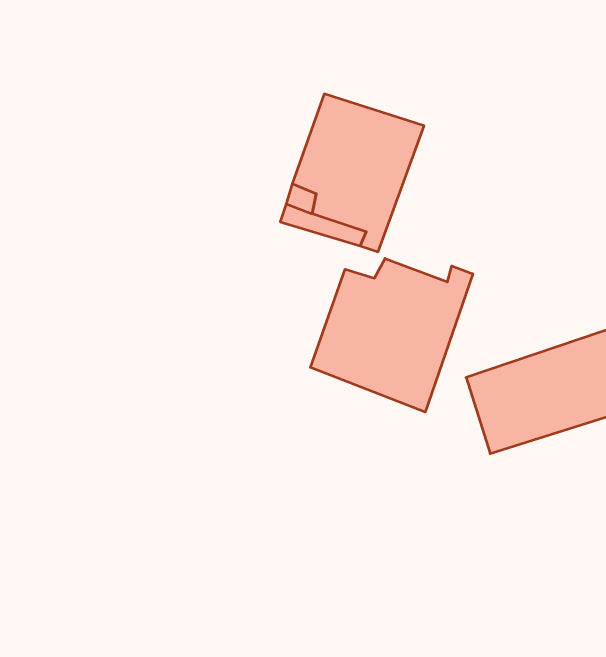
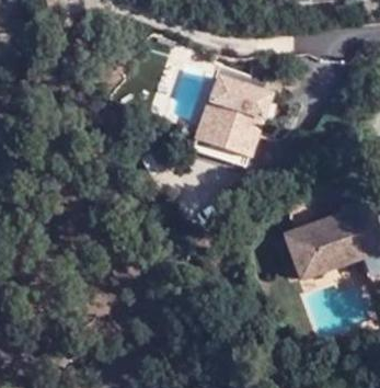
building: [310,258,473,412] -> none

